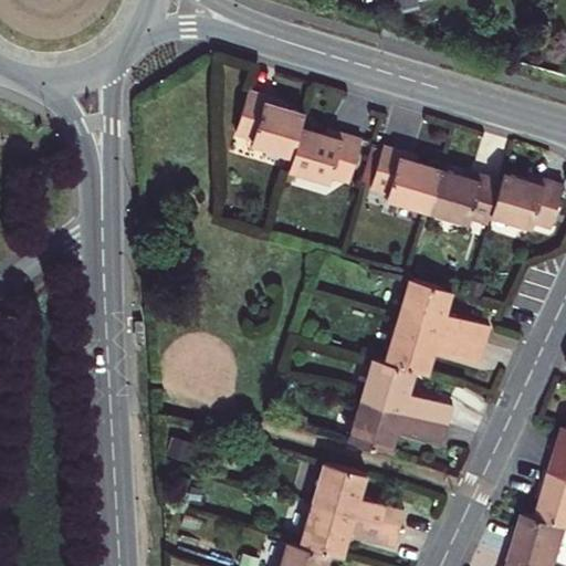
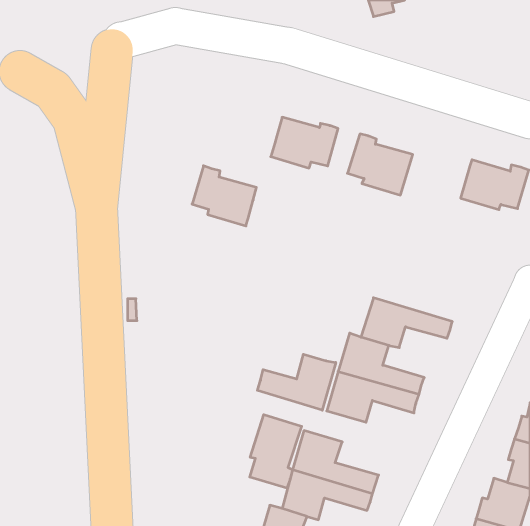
building: [235,93,304,157] -> [192,166,256,226]
building: [427,169,501,224] -> none
building: [398,280,489,347] -> none
building: none -> [257,354,336,410]
building: none -> [250,415,302,488]

